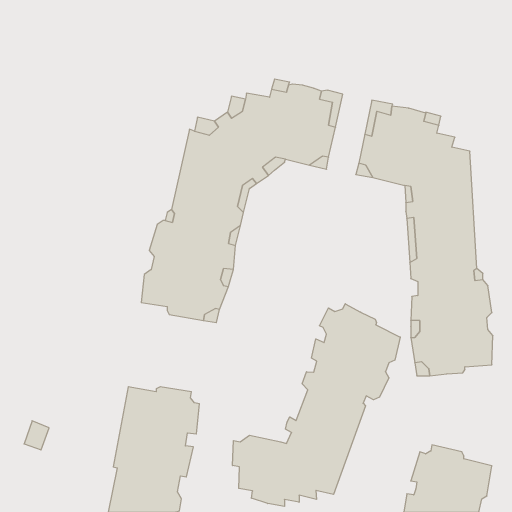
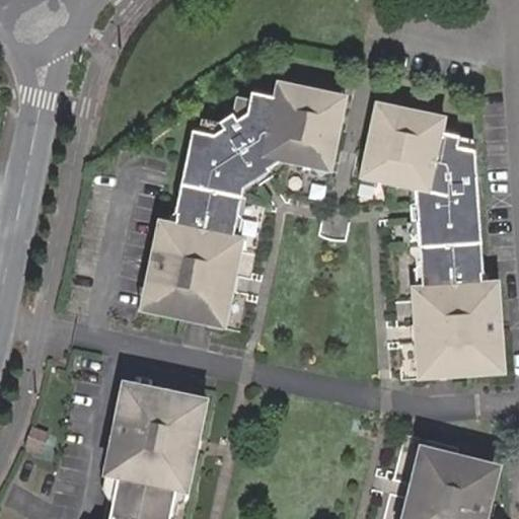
building: [233,304,400,506] -> none

